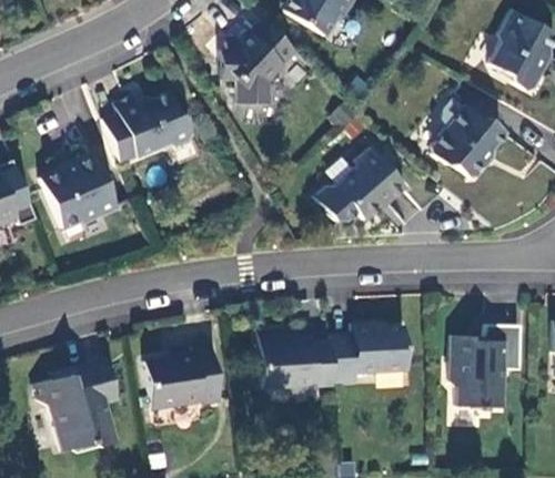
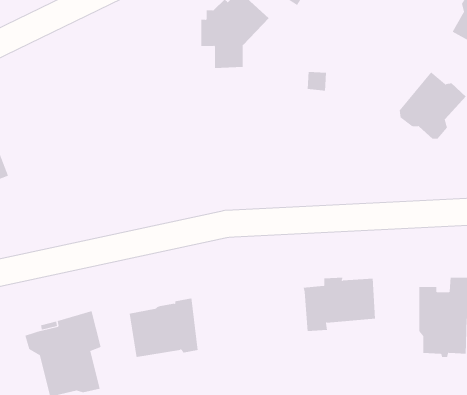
building: [104,91,193,163] -> none
building: [316,146,407,221] -> none
building: [41,152,118,227] -> none
building: [262,330,336,393] -> none

